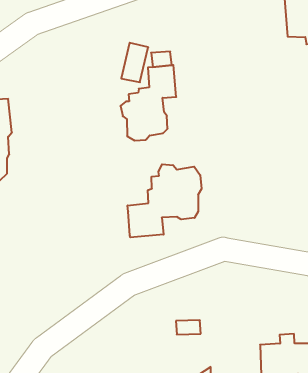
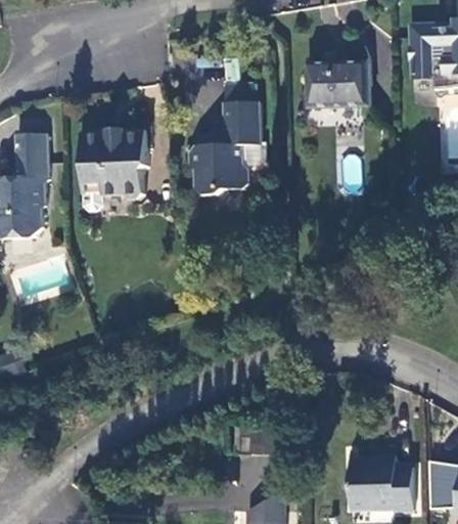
building: none -> [304,61,365,106]
building: none -> [82,132,145,201]
building: [128,164,202,237] -> none

